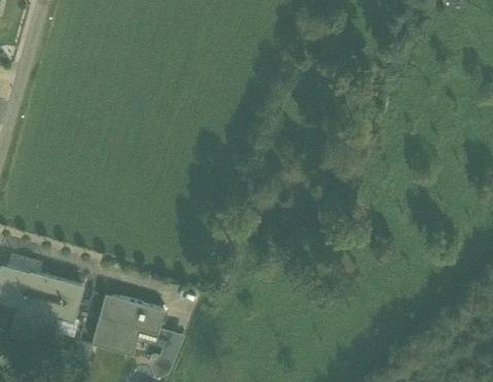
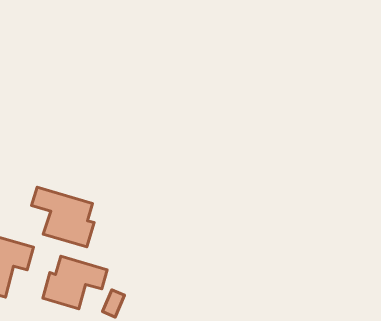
building: none -> [31,187,94,247]

